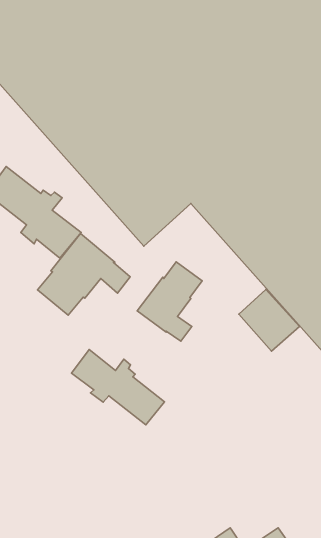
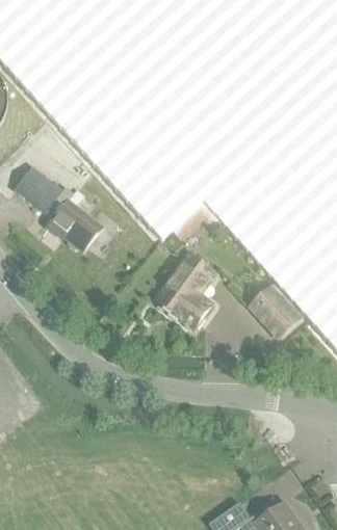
building: [38,233,130,315] -> none
building: [72,350,164,425] -> none

